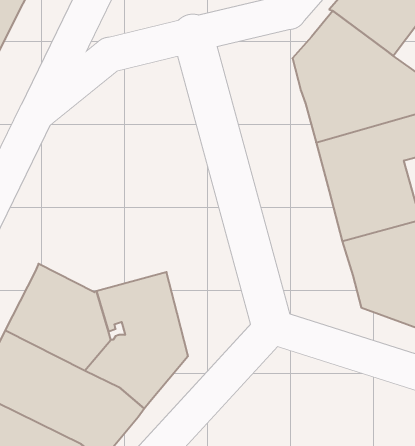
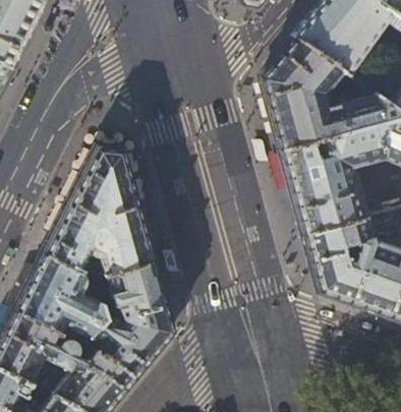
building: none -> [43,148,153,279]

